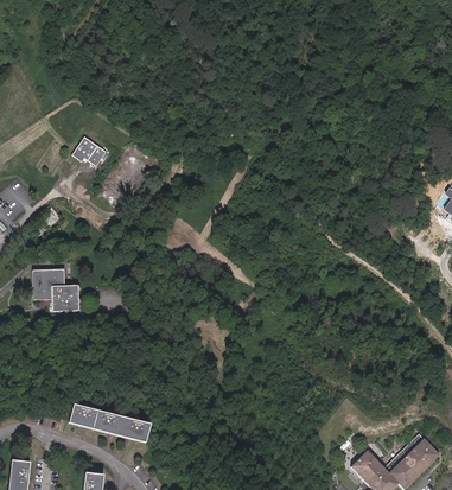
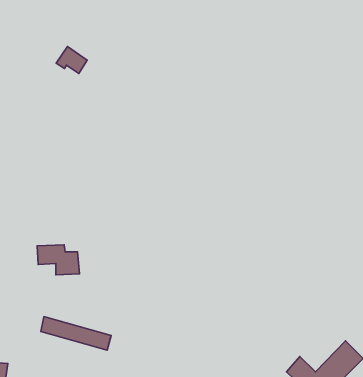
building: [70,134,106,165] -> [56,47,87,74]
building: [33,274,82,308] -> [37,245,80,275]

